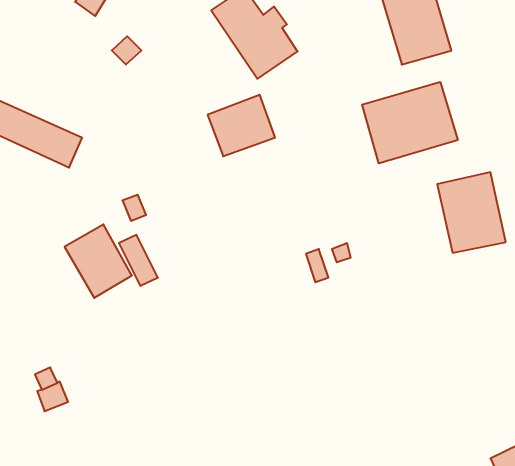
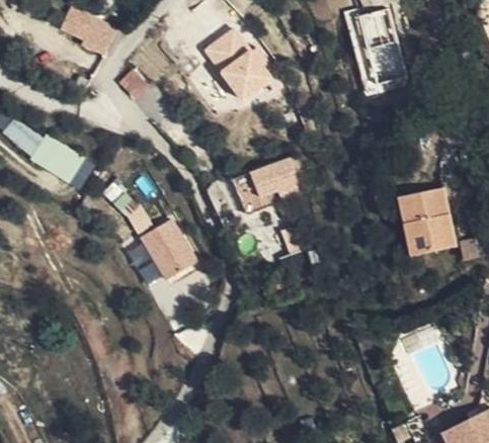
building: [362,82,458,163] -> none
building: [208,95,275,156] -> [249,155,307,207]
building: [65,224,132,298] -> [140,217,197,280]

